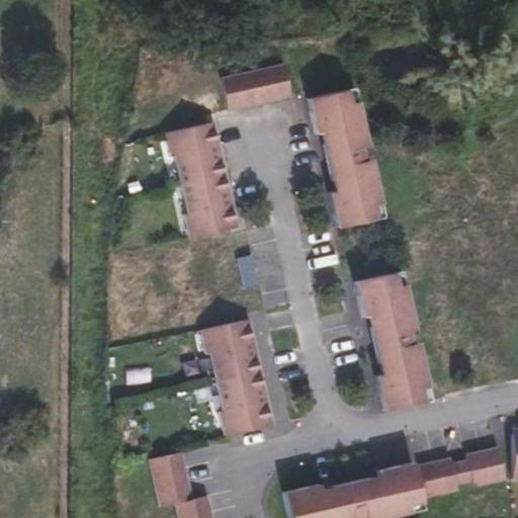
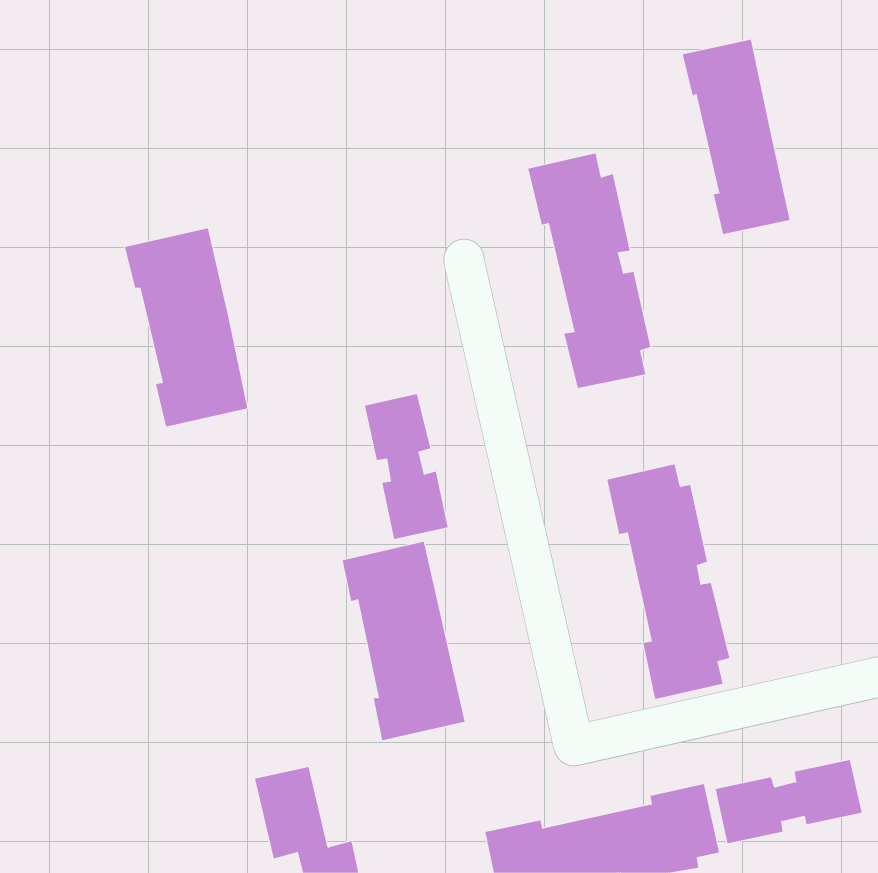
building: none -> [682,39,790,235]
building: [225,66,295,112] -> none
building: [167,121,240,239] -> [124,228,248,427]

